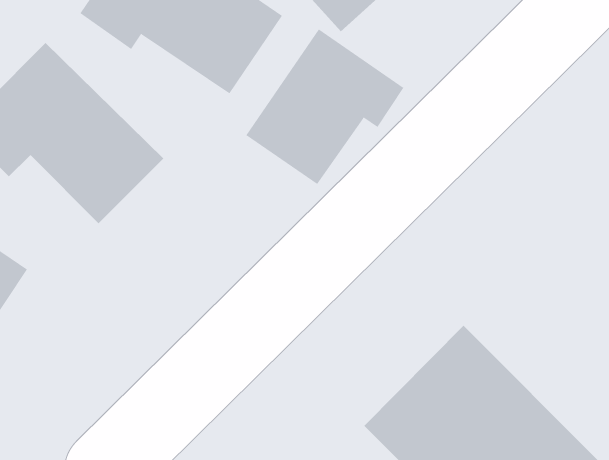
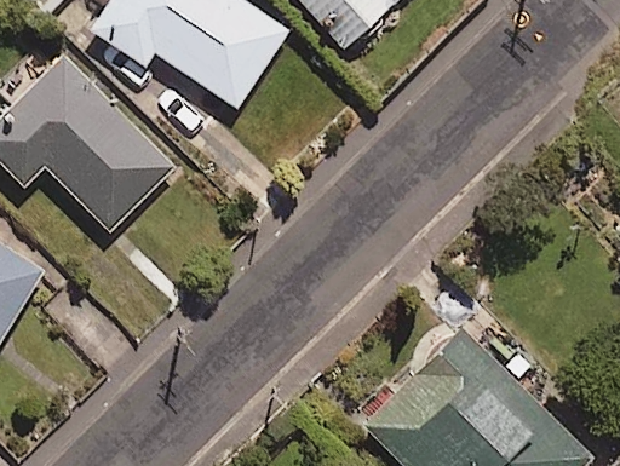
building: [245,28,404,185] -> none

